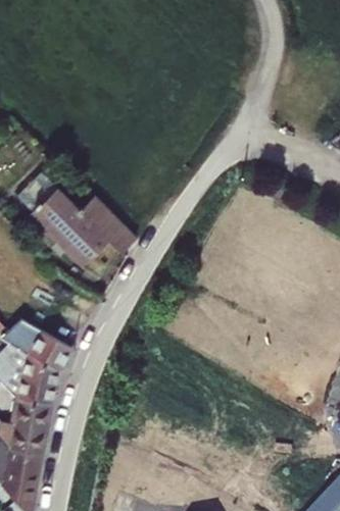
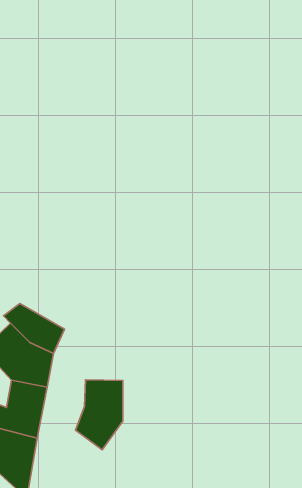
building: [13,169,131,262] -> none
building: none -> [75,380,123,450]

